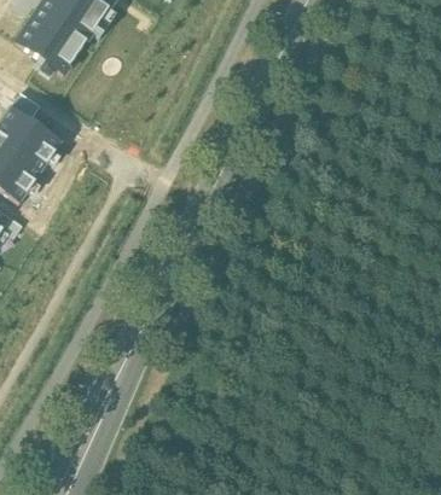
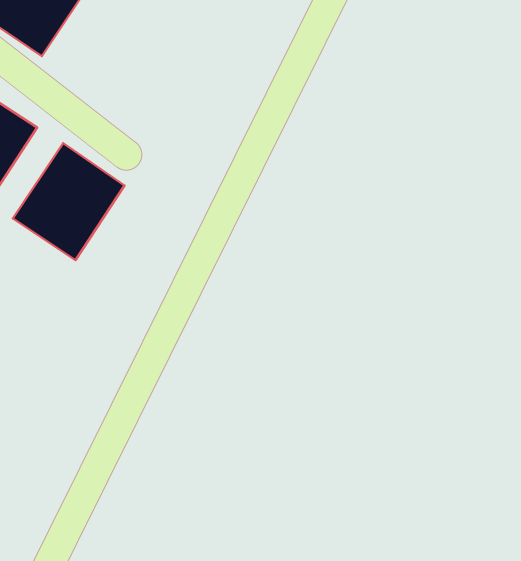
building: none -> [13,143,125,260]

